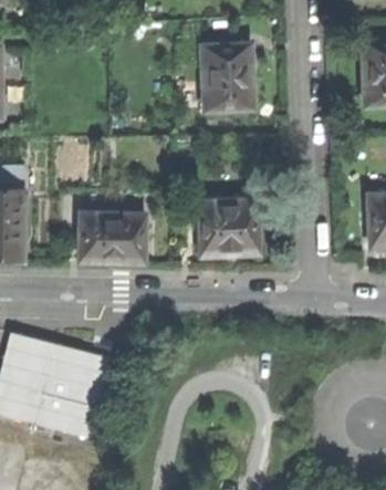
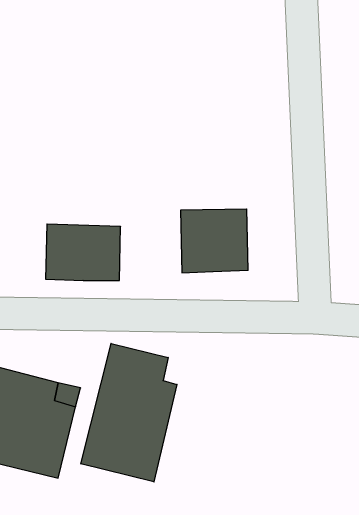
building: [202,43,253,110] -> none
building: none -> [81,343,177,482]

